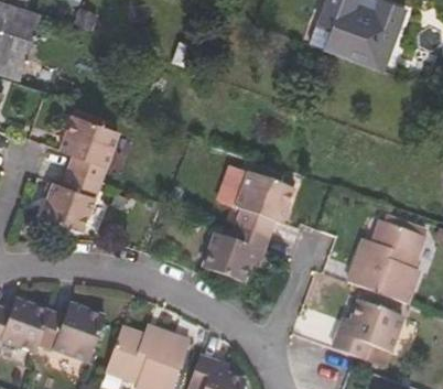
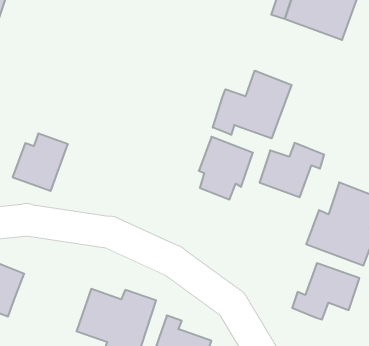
building: none -> [213,71,292,138]
building: [60,112,117,177] -> none
building: [199,223,267,279] -> [259,143,324,197]
building: [43,302,108,359] -> none

